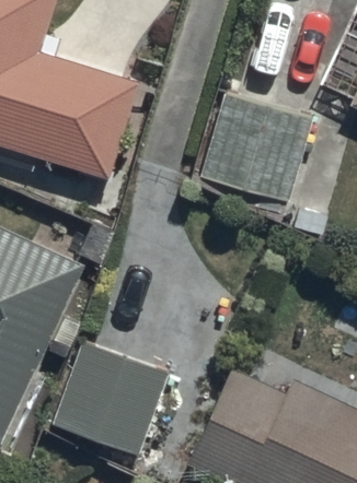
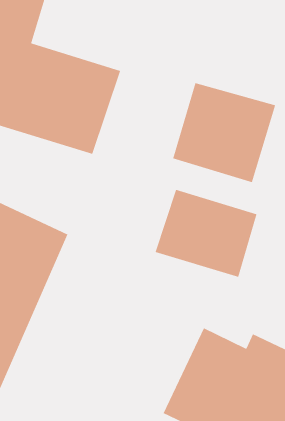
building: none -> [154,189,258,278]
building: [53,343,171,457] -> none

